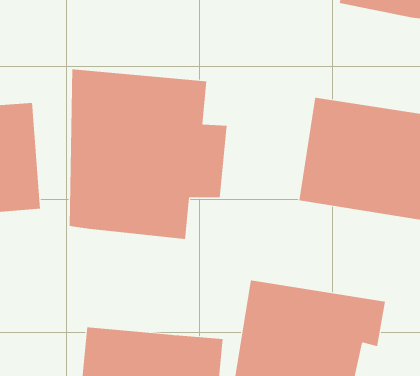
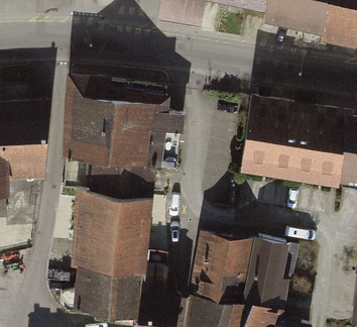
building: none -> [71,192,152,271]

